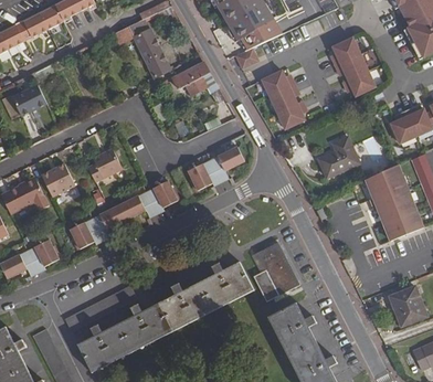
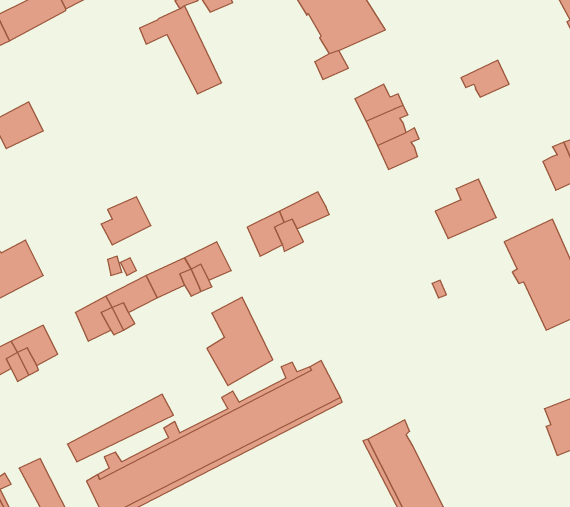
building: [331,39,360,67] -> none
building: [172,60,219,95] -> none
building: [342,72,376,97] -> none
building: [41,163,74,197] -> none
building: [253,242,298,303] -> [207,297,273,386]

